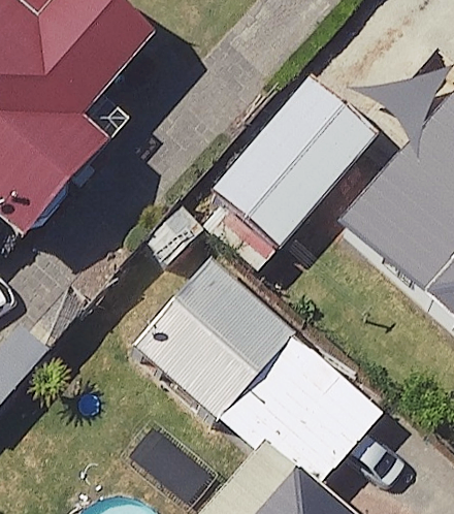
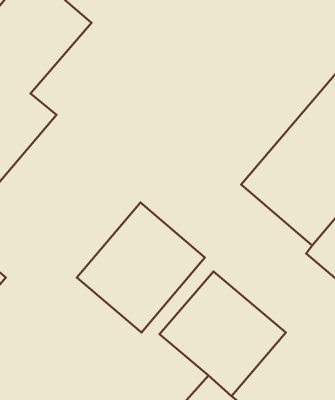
building: [210,71,375,243] -> none

